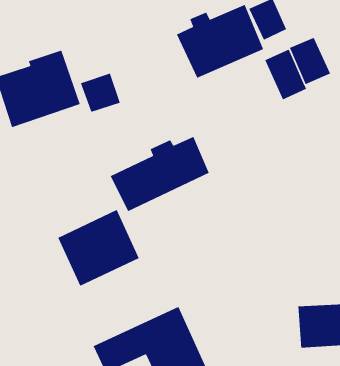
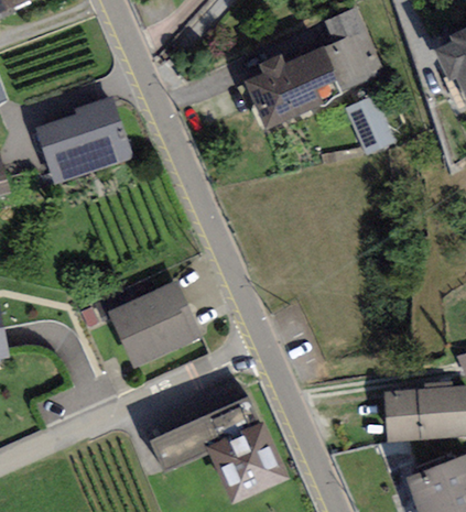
building: [289,37,331,85] -> none
building: [80,72,121,113] -> none
building: [109,136,210,212] -> none

